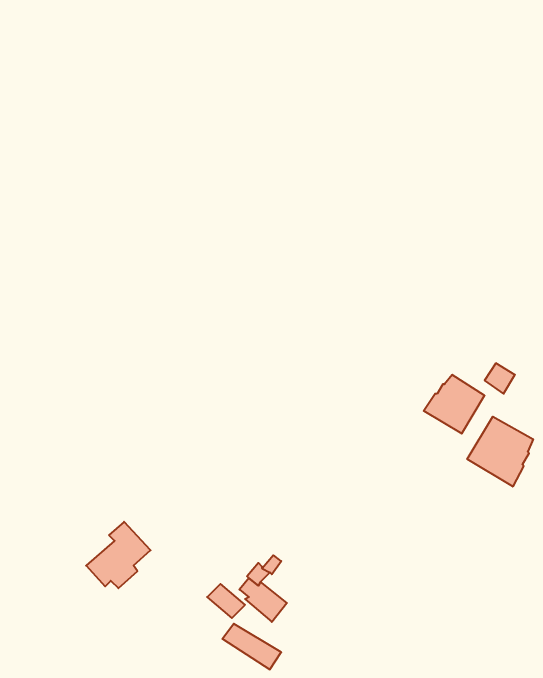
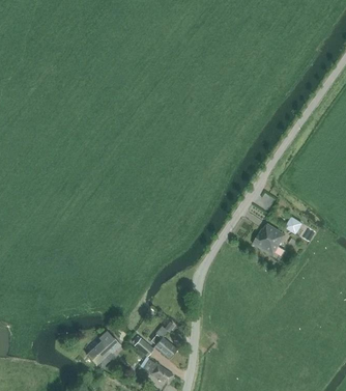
building: [467,417,533,487] -> none
building: [86,522,151,588] -> [86,330,121,366]

